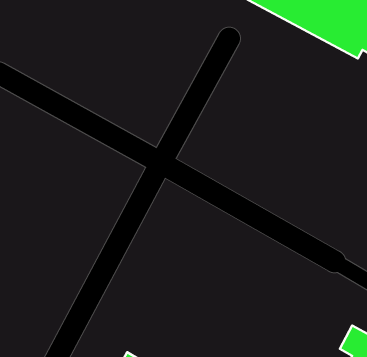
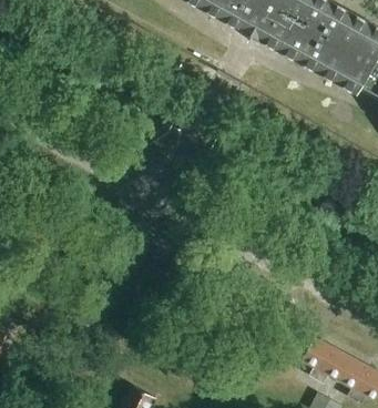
building: none -> [303,338,353,385]

